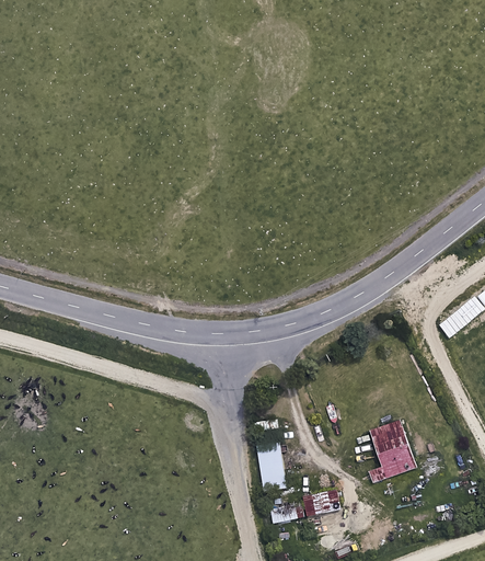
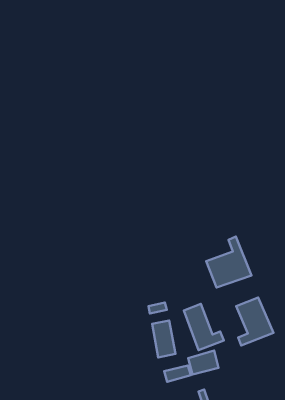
building: none -> [206,237,251,287]
building: none -> [184,304,224,350]

